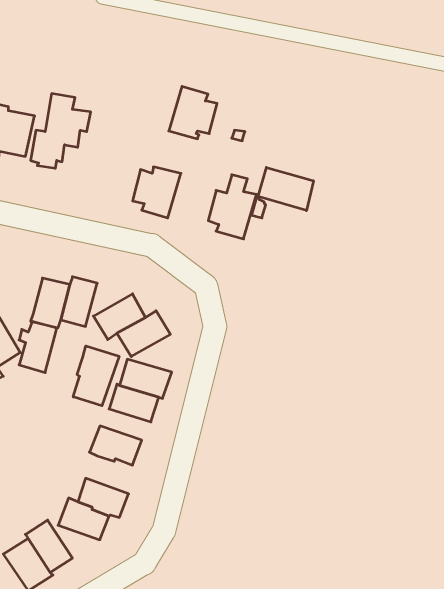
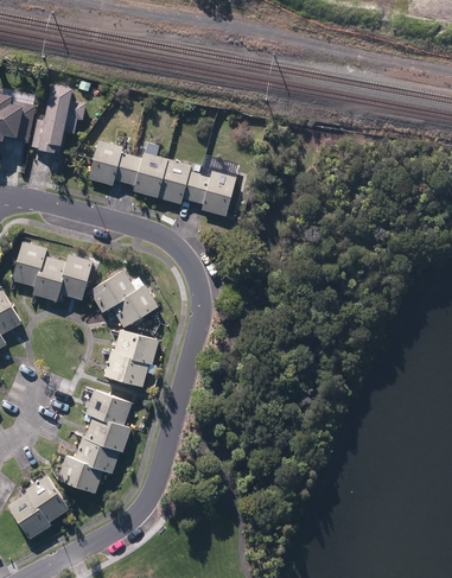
building: [169,86,217,139] -> [157,160,200,208]
building: none -> [88,141,132,189]
building: [258,167,313,211] -> none
building: [19,322,57,373] -> [11,241,45,287]
building: [73,346,119,406] -> none
building: none -> [82,417,132,451]

